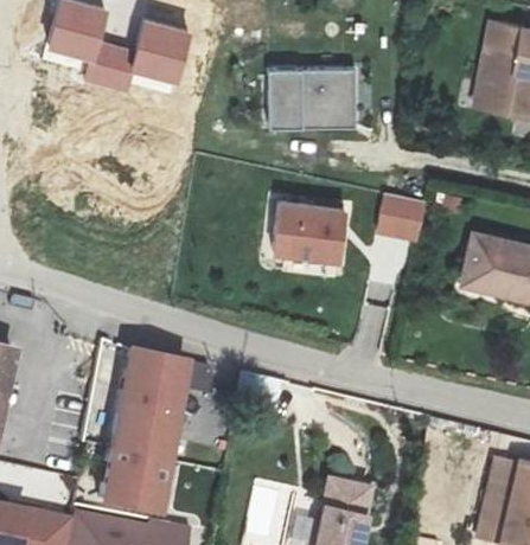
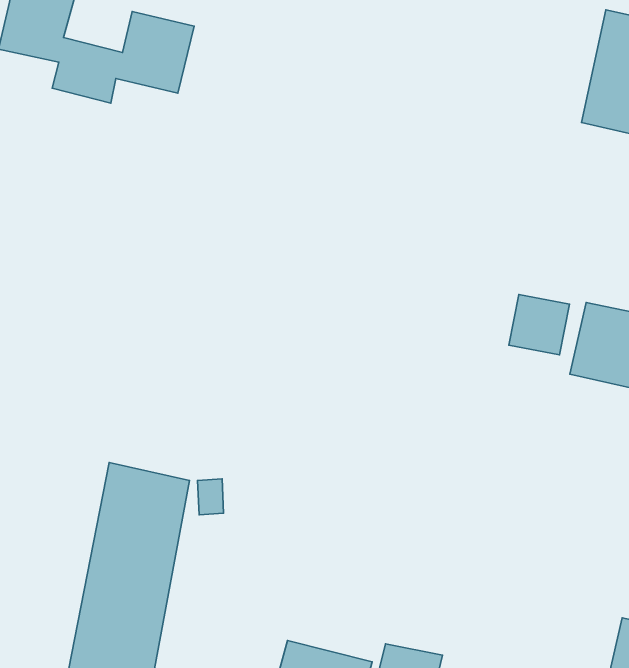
building: [270,69,356,132] -> none
building: [378,197,422,241] -> [509,294,569,355]
building: [276,207,346,264] -> none

